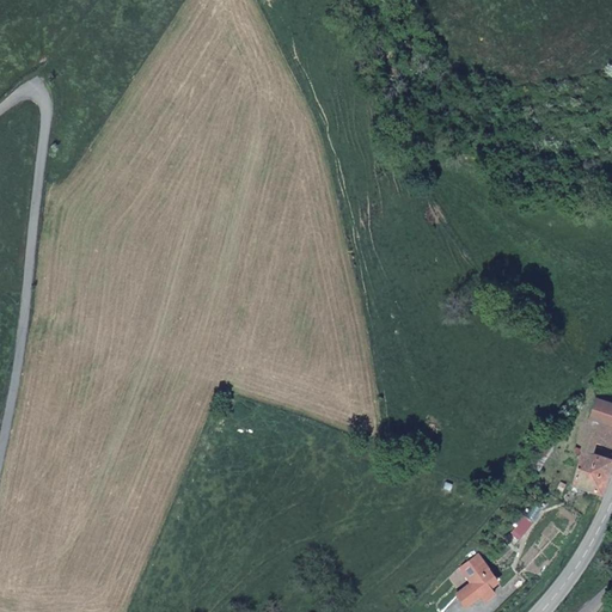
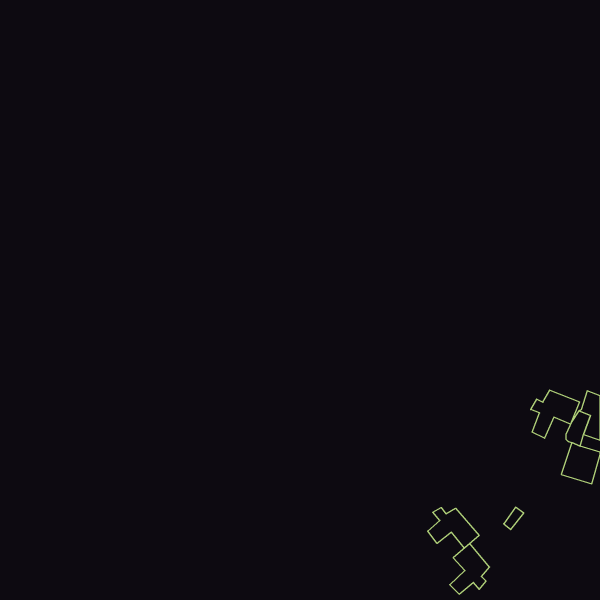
building: none -> [531,390,580,438]
building: none -> [428,508,479,548]

